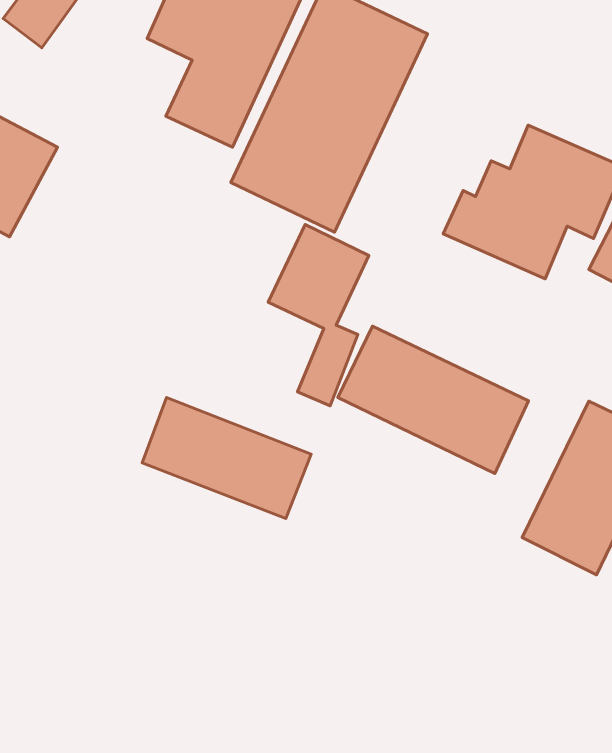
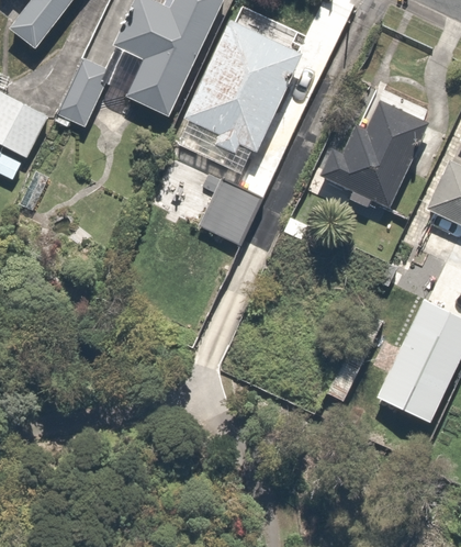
building: none -> [58,53,114,126]
building: [338,326,529,473] -> none
building: [142,397,311,518] -> none

